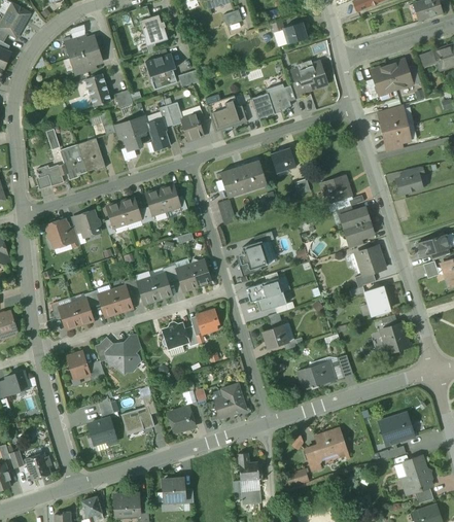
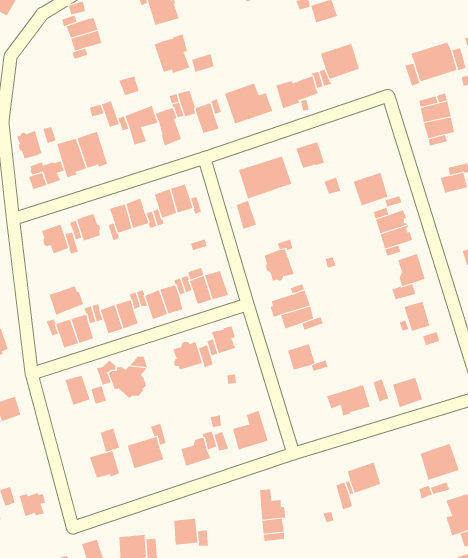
building: [84,73,110,106] -> none
building: none -> [17,130,43,159]
building: none -> [49,286,84,315]
building: [381,324,408,351] -> [392,377,423,408]

